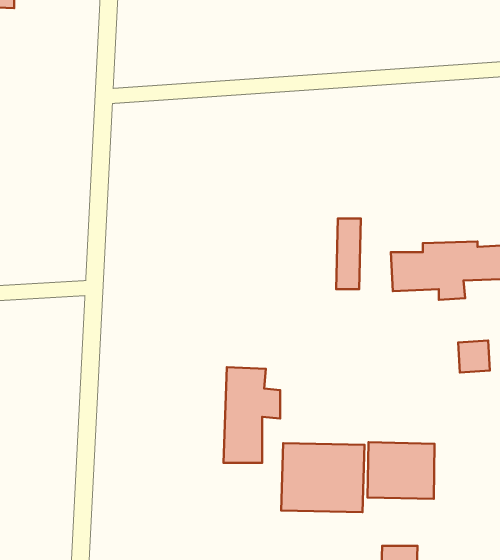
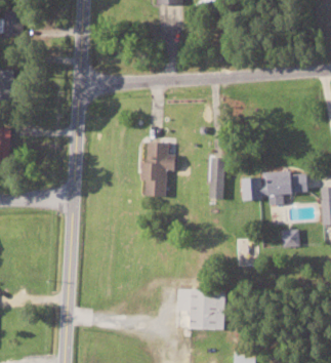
building: [223,367,280,463] -> [144,142,177,197]
building: [367,442,435,499] -> none

